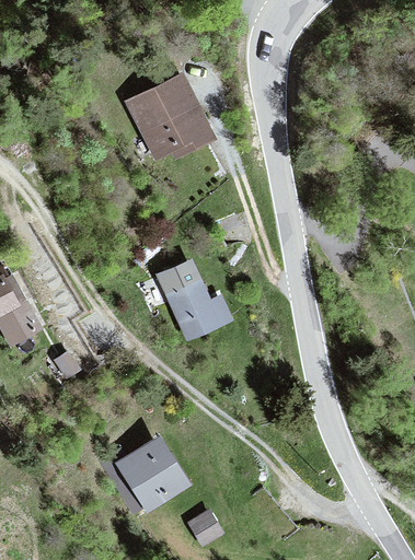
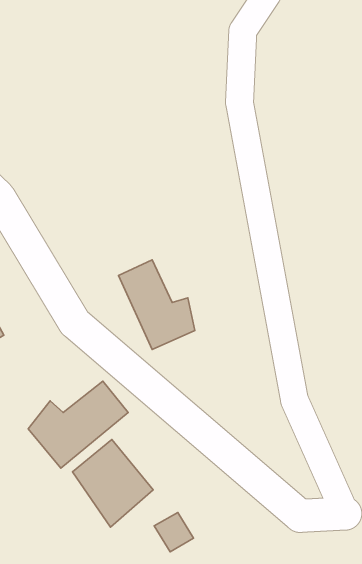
building: [122,71,207,171] -> none
building: none -> [28,381,128,468]

